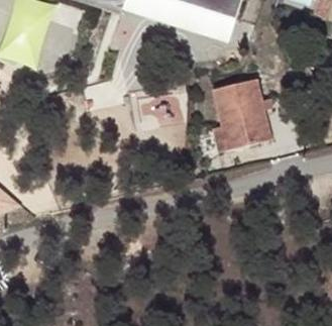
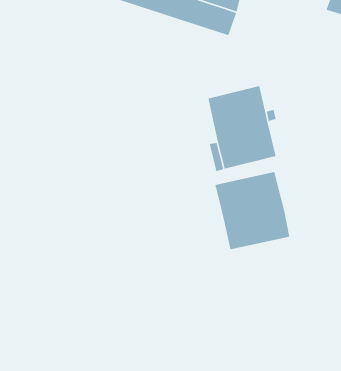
building: none -> [215,171,290,250]

